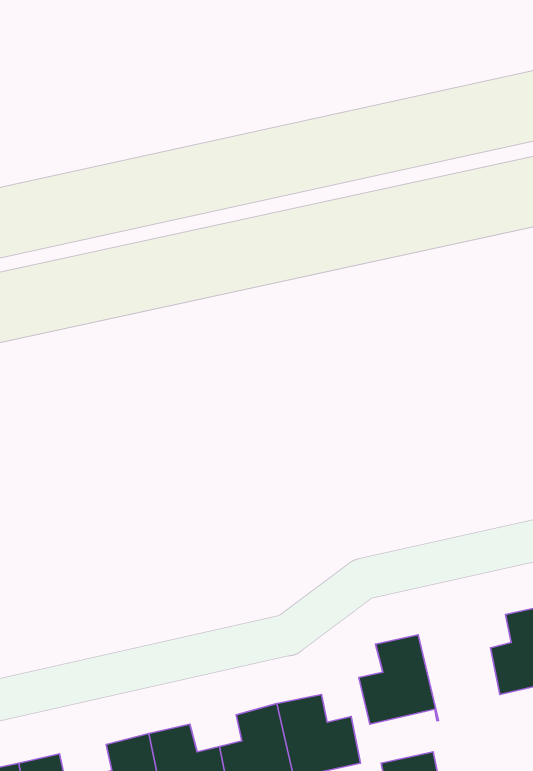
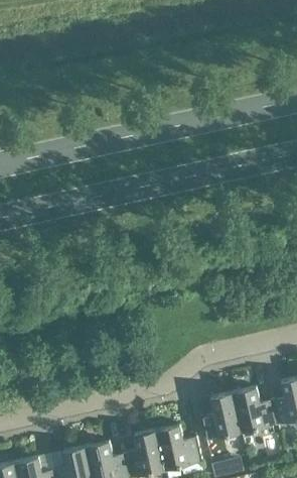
building: none -> [233,387,277,439]

